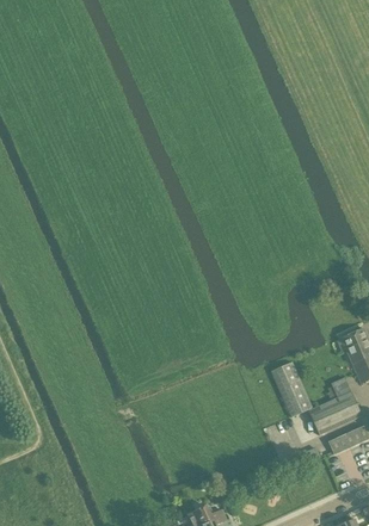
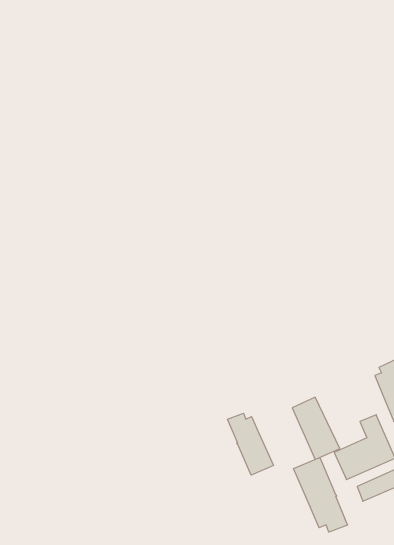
building: none -> [228,413,273,475]
building: none -> [294,457,347,532]

